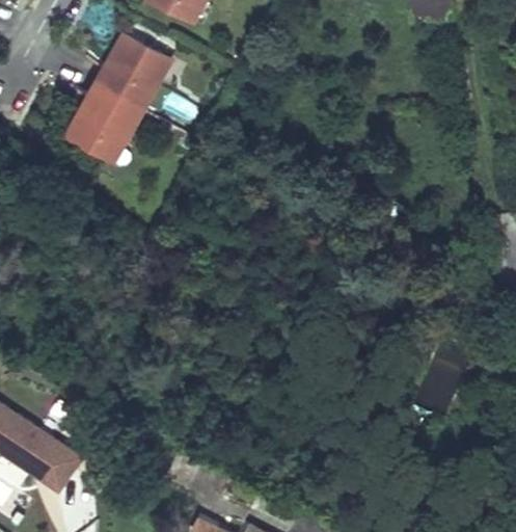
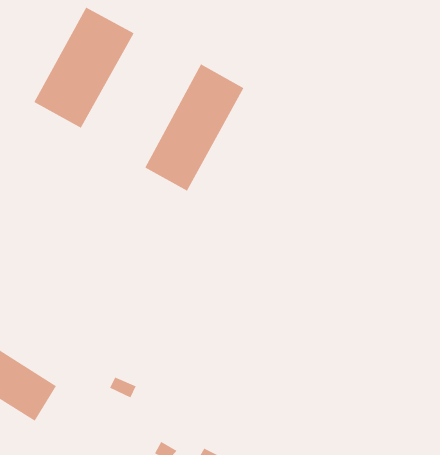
building: none -> [144,64,244,191]

